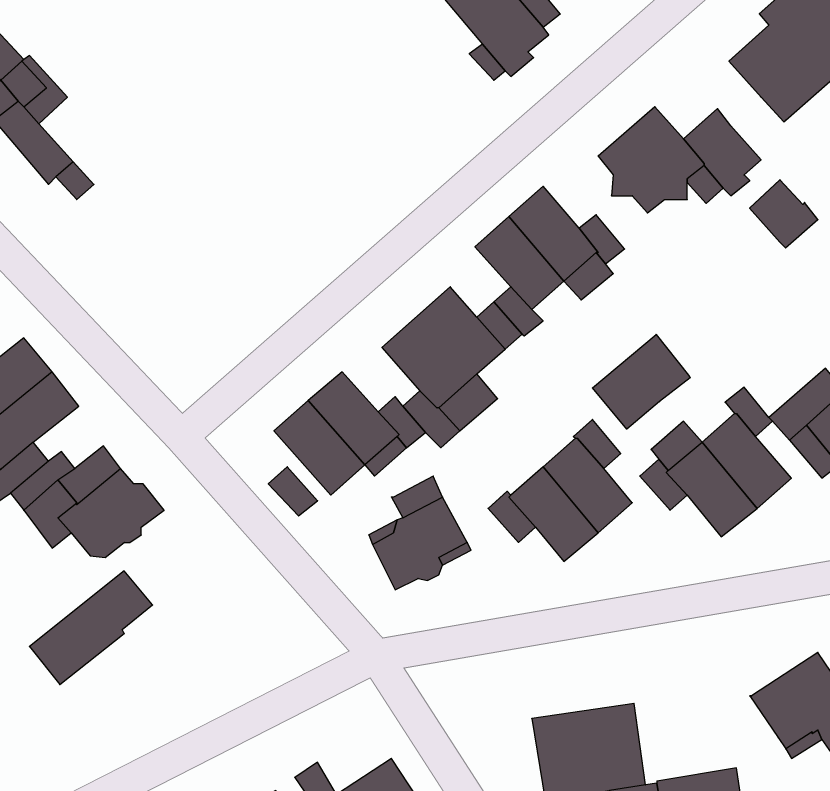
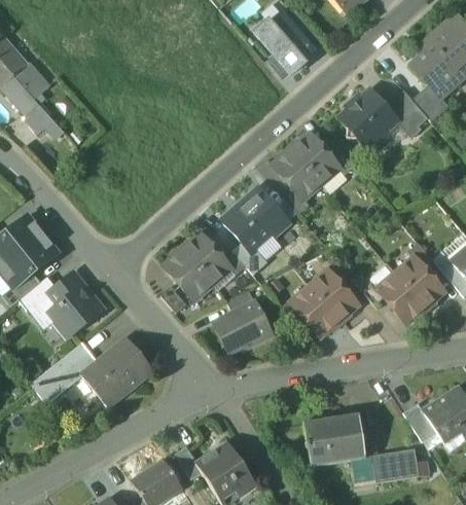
building: [750,180,818,248] -> [411,84,449,121]
building: [592,334,690,429] -> none
building: none -> [81,337,153,405]
building: none -> [404,402,437,441]

